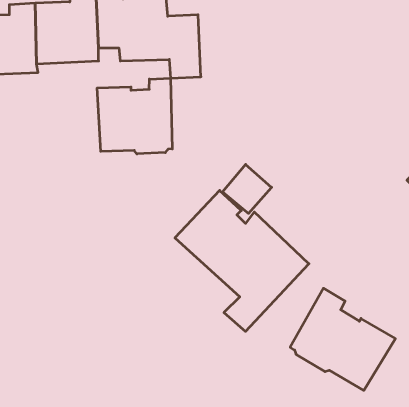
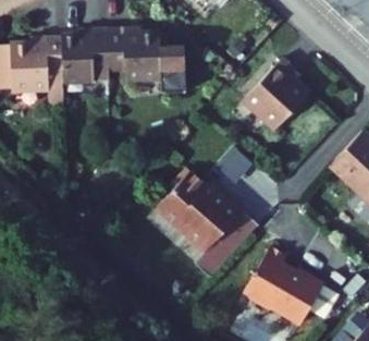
building: none -> [236,54,304,127]
building: [97,78,172,154] -> none

